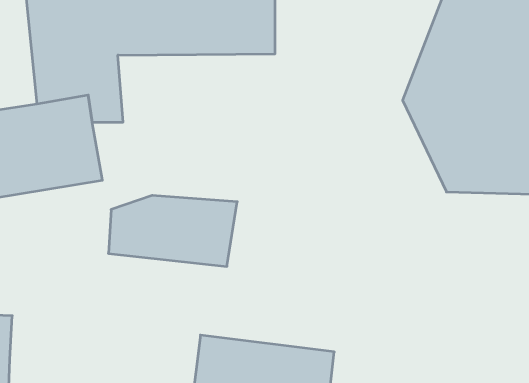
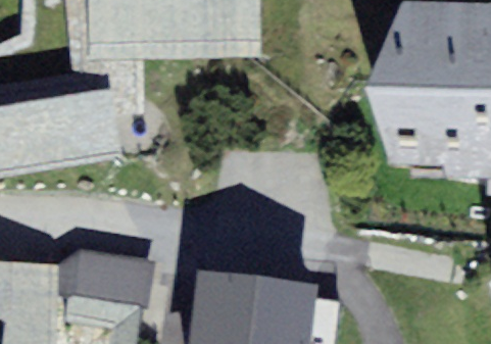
building: [108,195,237,266] -> [52,252,154,308]

